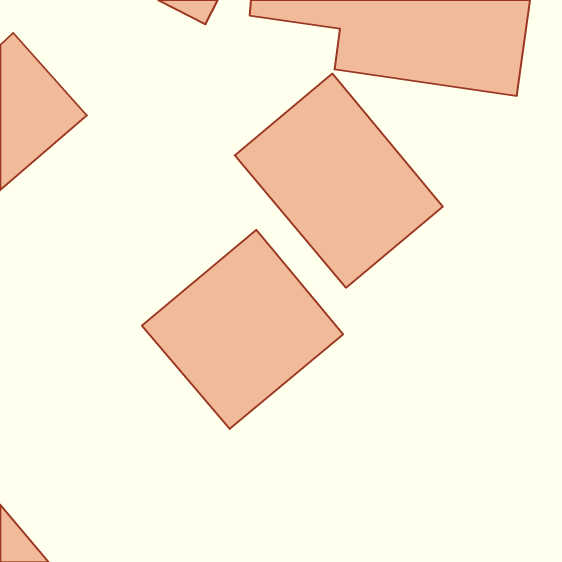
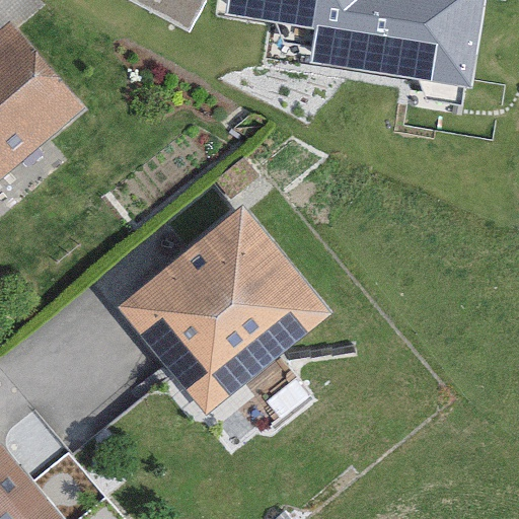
building: [235,74,443,288] -> none

